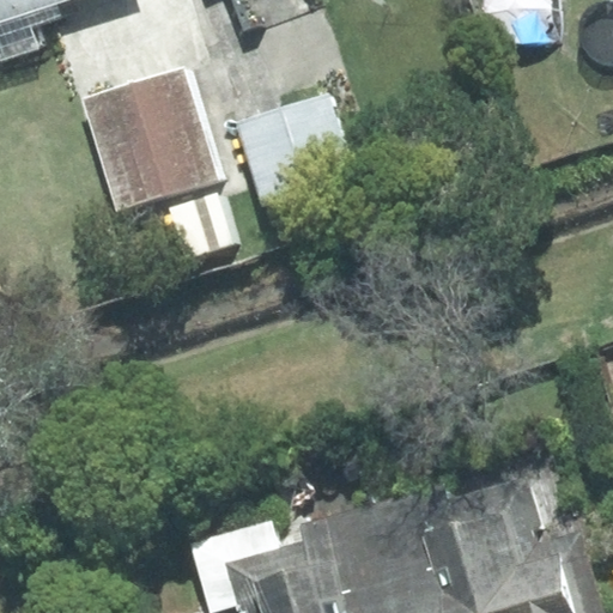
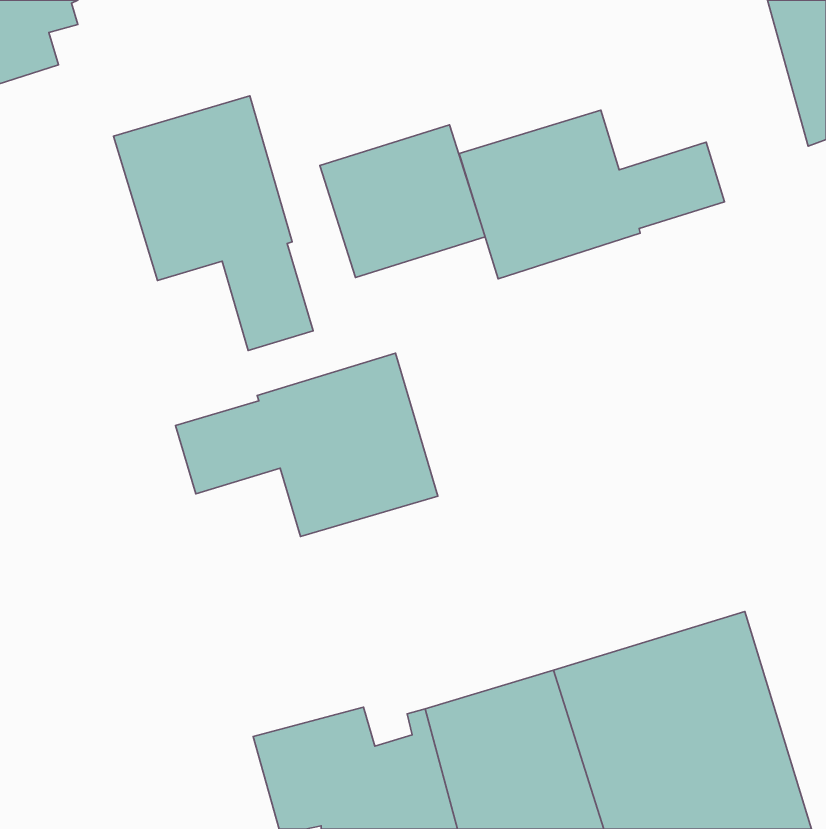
building: none -> [459,110,725,279]
building: none -> [176,353,438,536]

